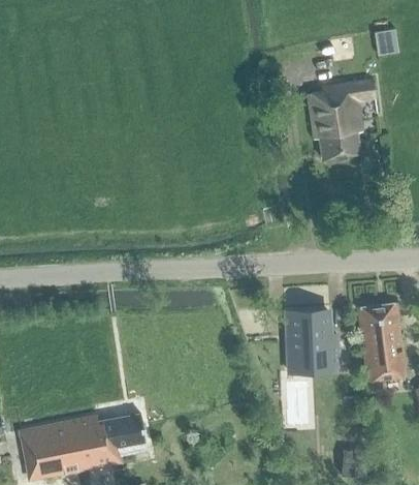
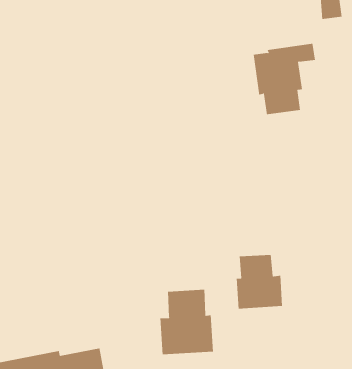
building: [357,303,406,382] -> none
building: none -> [160,289,213,355]

